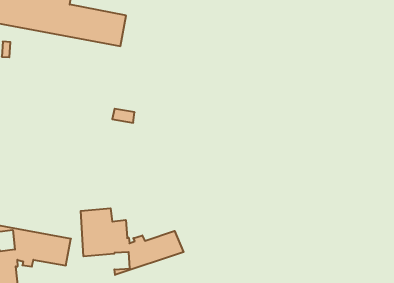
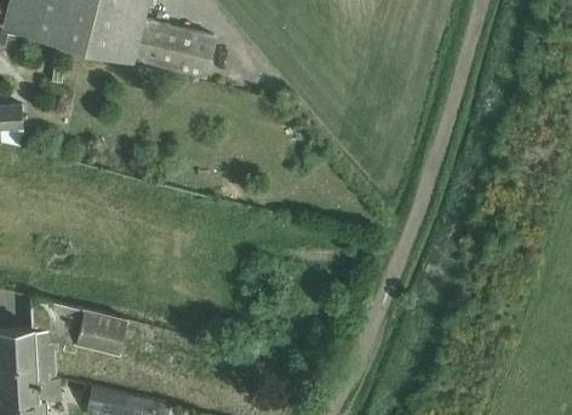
building: [81,208,184,275] -> none

